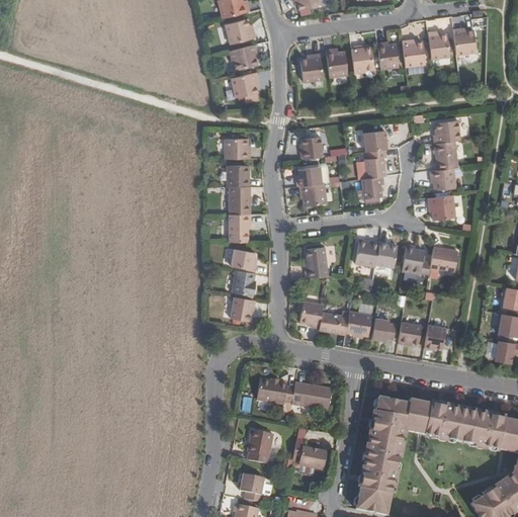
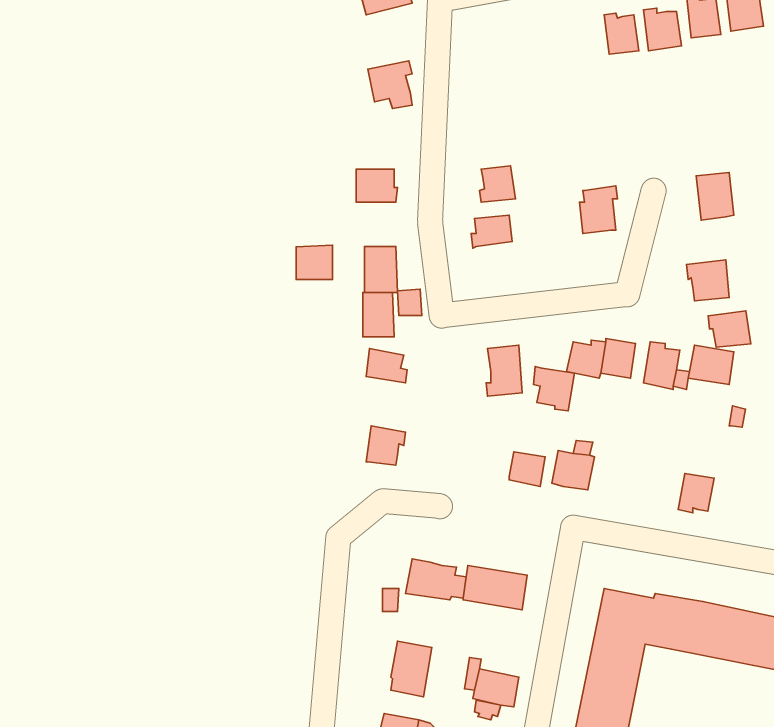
building: [230,45,257,70] -> none
building: [350,46,373,73] -> none
building: [326,50,348,77] -> none
building: [300,54,323,81] -> none
building: [433,119,459,143] -> none
building: [363,131,388,152] -> none
building: [227,165,249,186] -> [296,245,332,280]
building: [429,168,455,190] -> [708,311,751,347]
building: [361,176,382,198] -> none
building: [298,183,326,205] -> none
building: [232,270,255,295] -> none
building: [297,300,323,328] -> [534,367,575,411]
building: [371,318,397,342] -> none
building: [398,322,421,345] -> none

